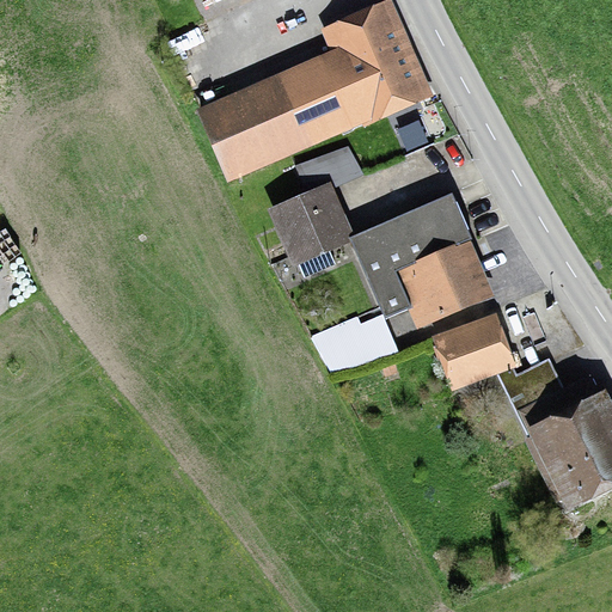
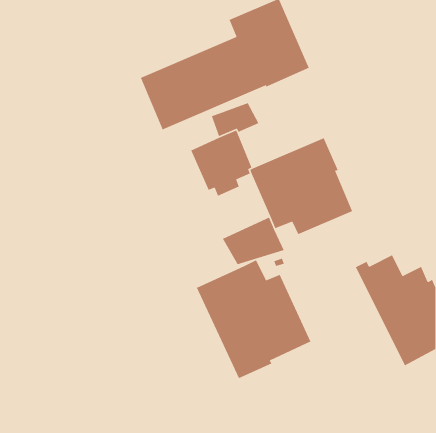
building: [430,312,516,391] -> none
building: none -> [196,259,312,379]

